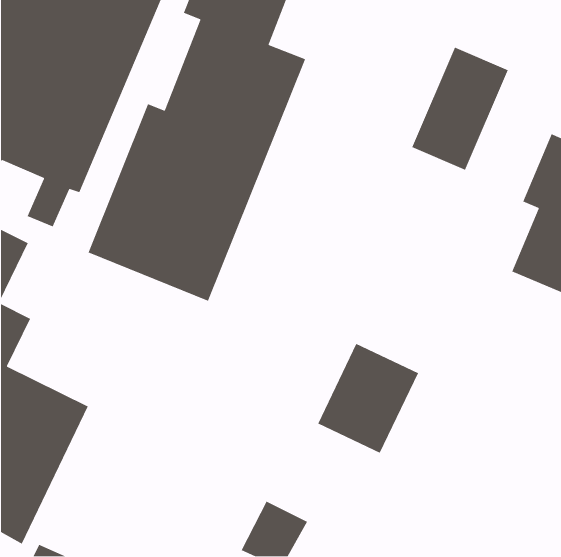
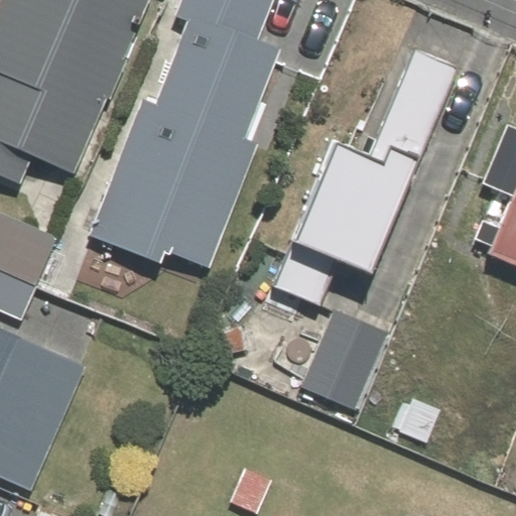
building: none -> [282,132,417,283]

